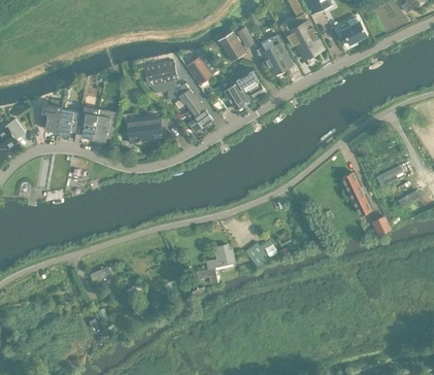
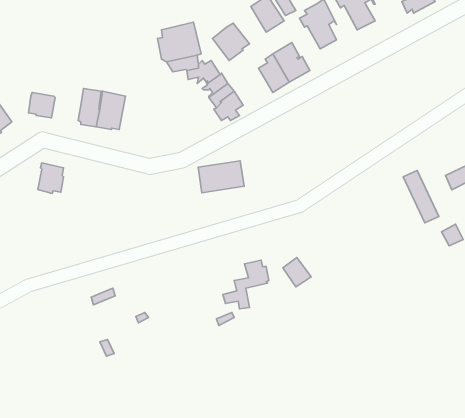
building: [58,108,78,133] -> [38,163,64,193]
building: [127,116,164,142] -> [198,161,244,193]

